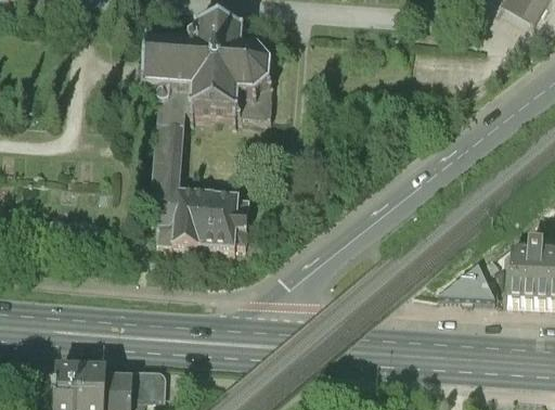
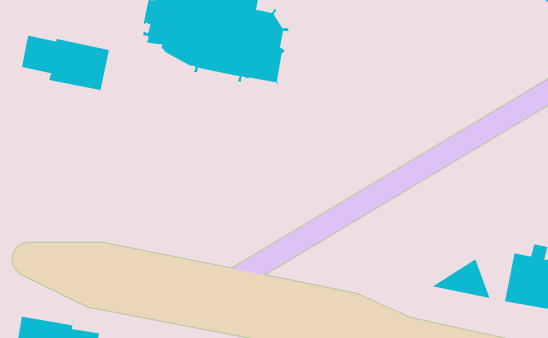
building: none -> [21,35,110,91]
building: [150,102,249,245] -> none

